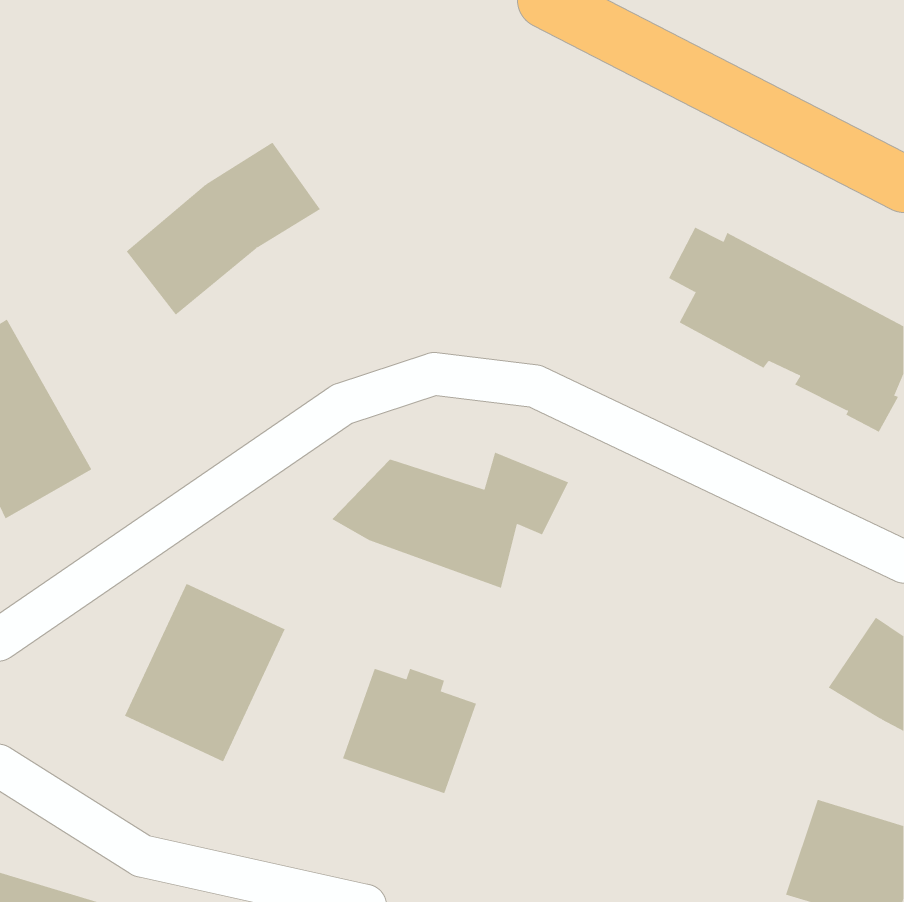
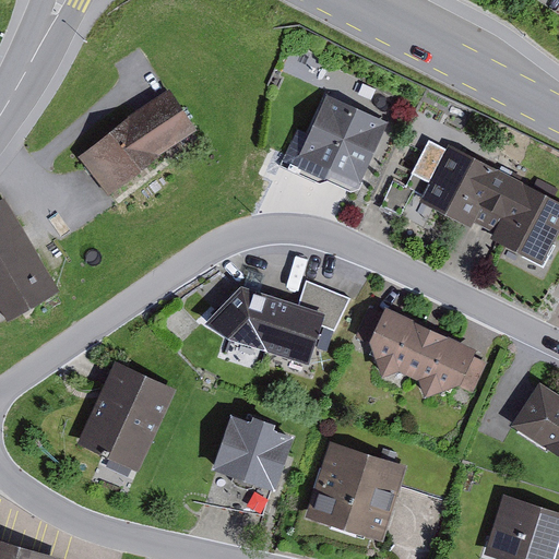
building: none -> [298,95,386,185]
building: none -> [368,306,486,396]
building: none -> [305,441,407,542]

